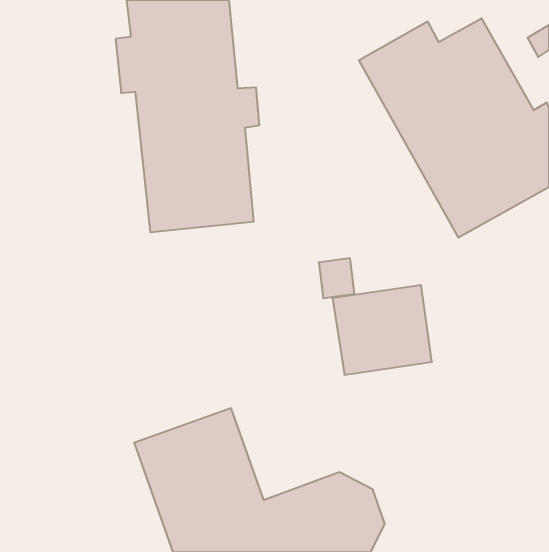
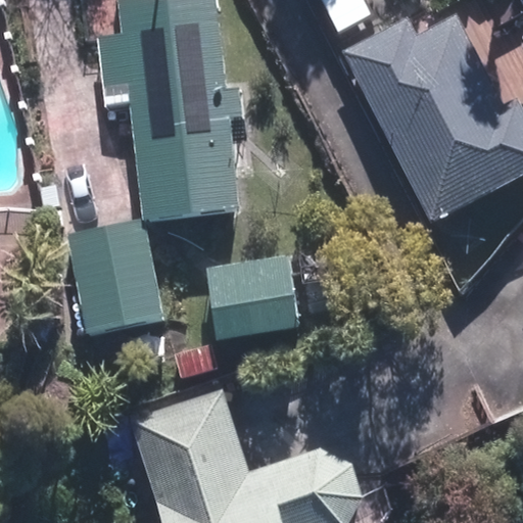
building: none -> [66,222,164,334]
building: [332,285,432,375] -> [204,254,298,339]

